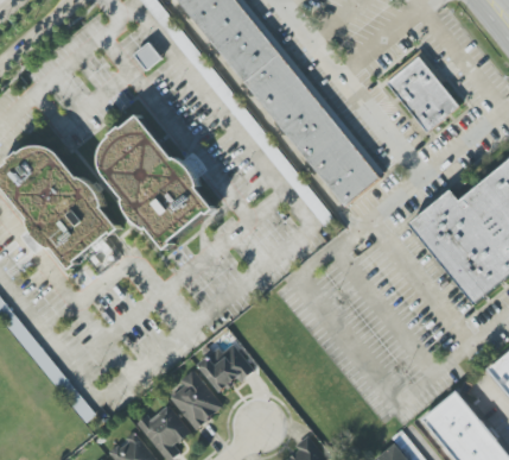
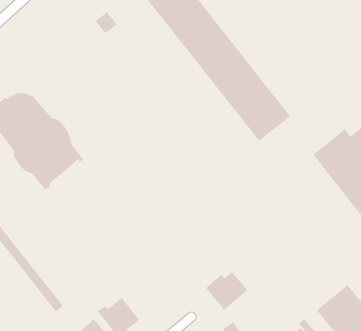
building: [387,56,459,131] -> none
building: [102,114,215,248] -> none
building: [197,344,252,393] -> [205,271,248,311]
building: [168,370,223,429] -> none

